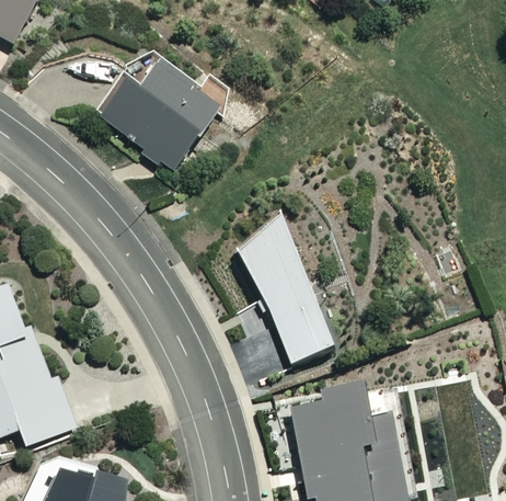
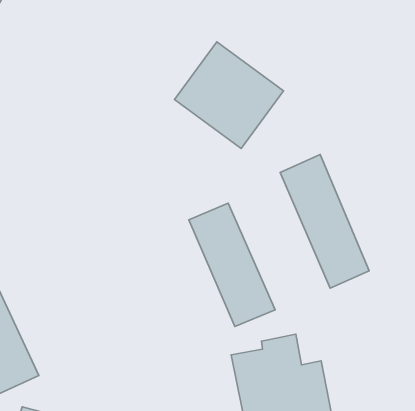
building: [99,49,220,169] -> [175,42,283,149]
building: none -> [280,155,369,288]

